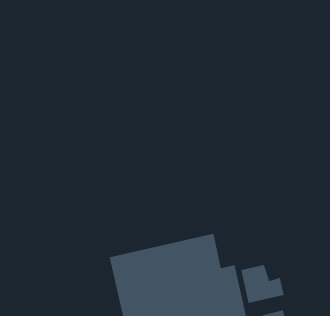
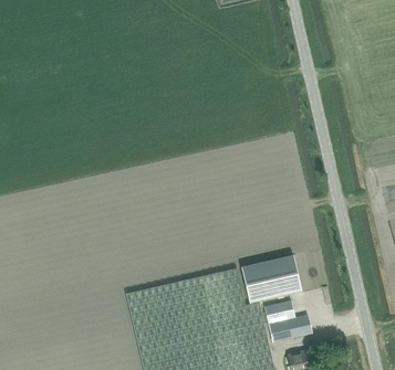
building: none -> [241,254,301,303]

